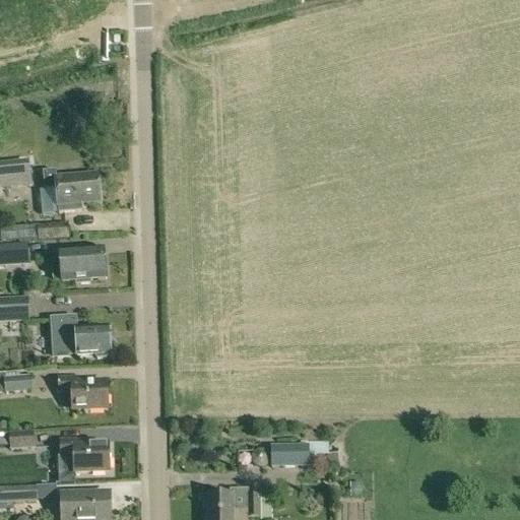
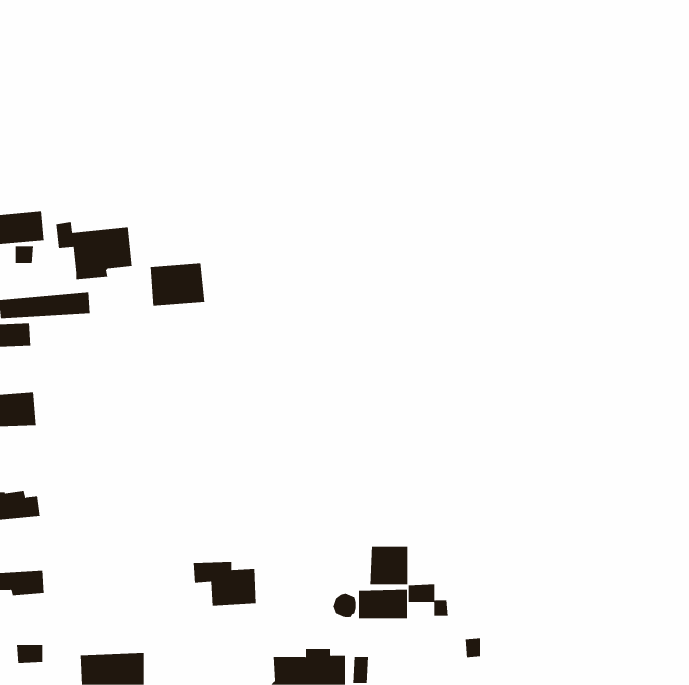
building: [61,247,103,279] -> [150,263,205,306]
building: [50,316,107,358] -> none
building: [58,375,107,409] -> none
building: none -> [370,546,408,585]
building: [59,438,107,471] -> [193,562,256,606]

